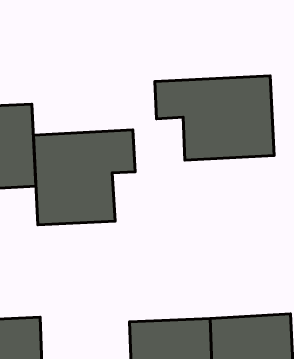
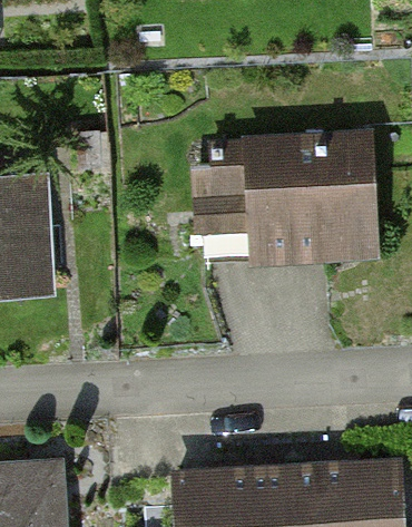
building: [33,130,135,225] -> none

